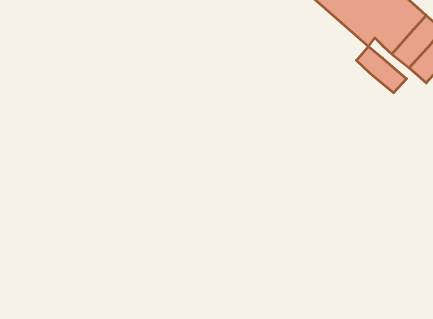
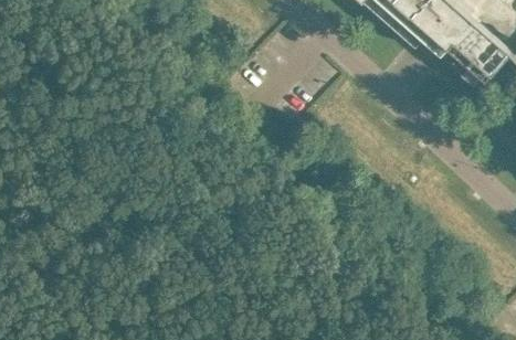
building: [356,47,407,93] -> none

